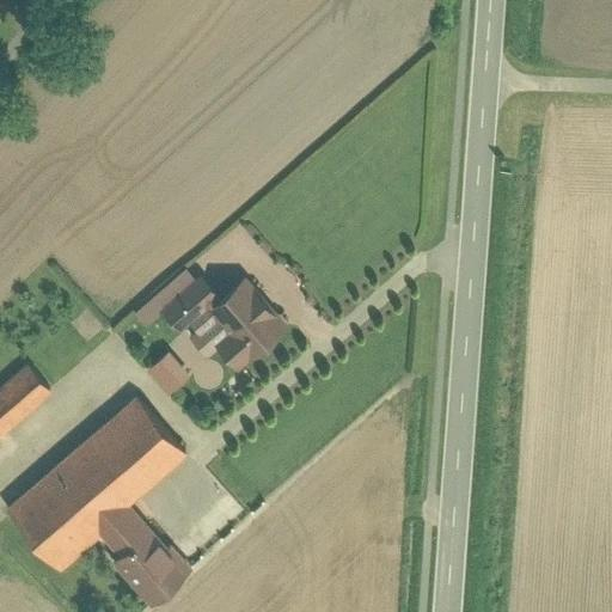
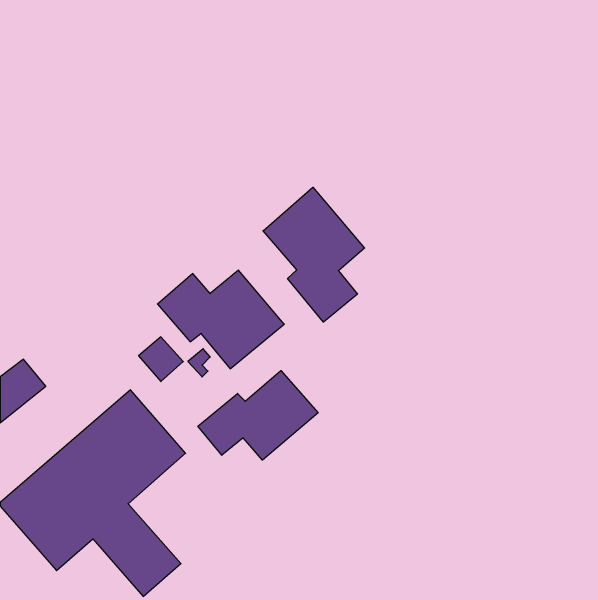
building: none -> [263,187,365,322]
building: none -> [198,371,318,460]

